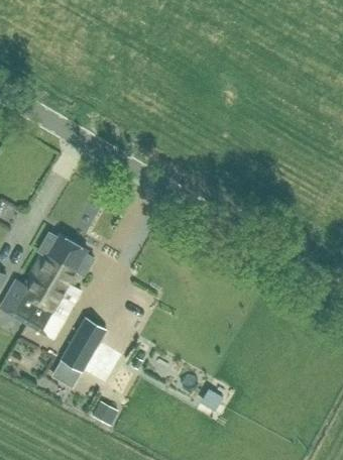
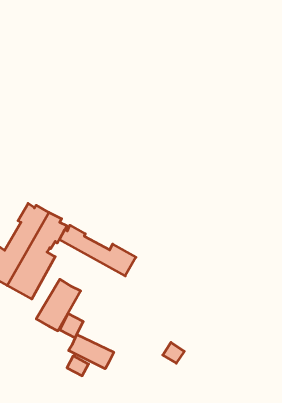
building: none -> [59,225,136,276]
building: none -> [69,335,114,369]

